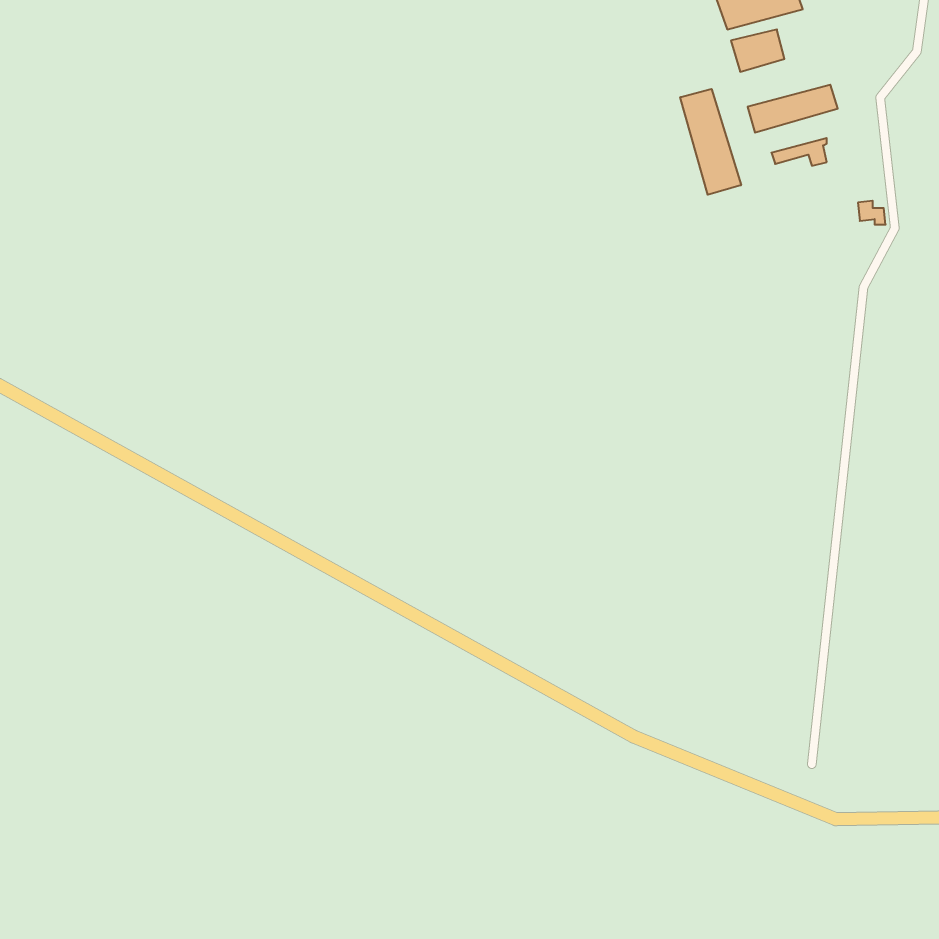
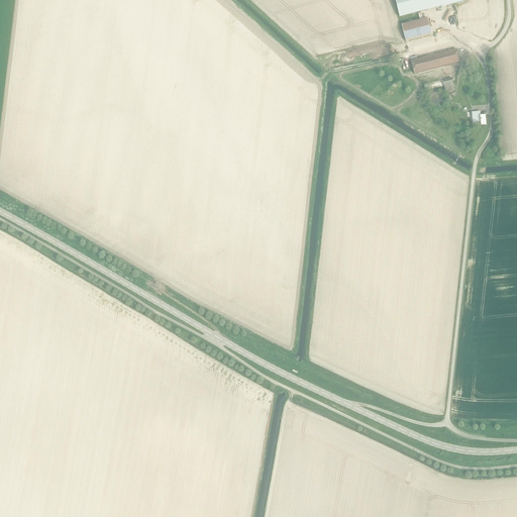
building: [680,89,741,195] -> none

